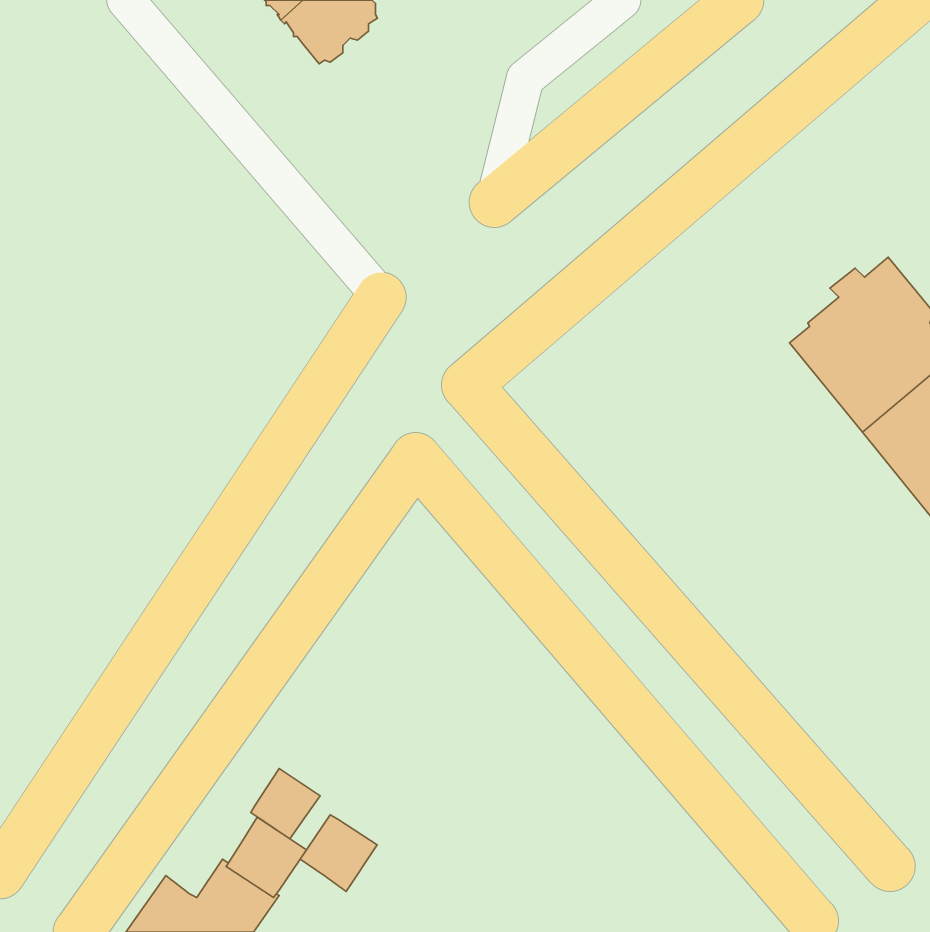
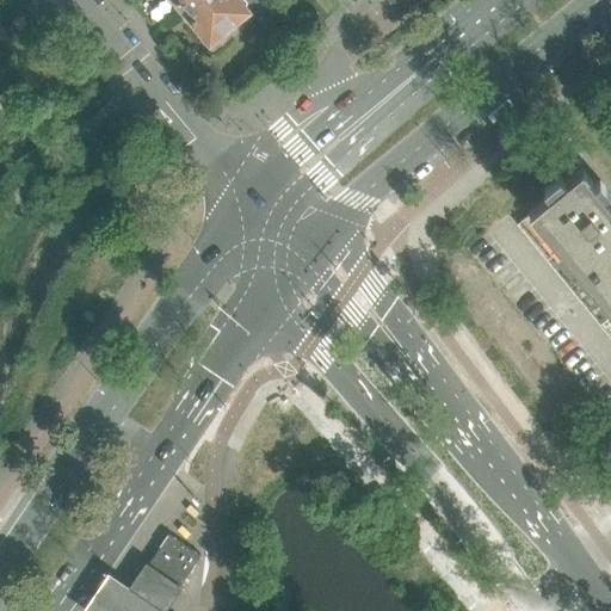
building: [251,768,320,839] -> none
building: [300,815,377,891] -> none

